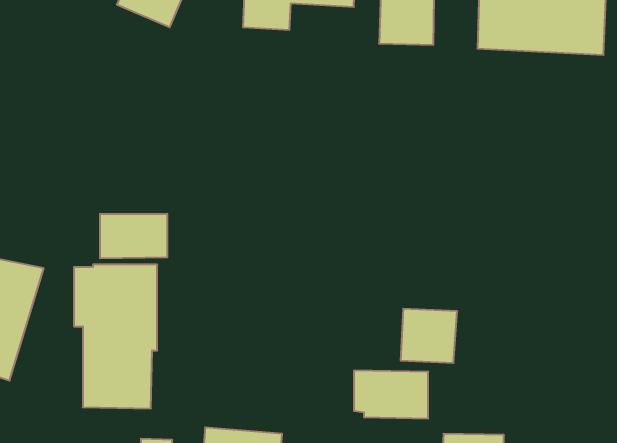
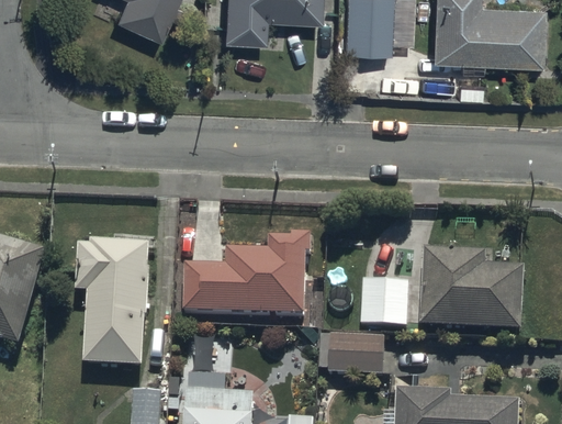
building: [100,214,167,258] -> none
building: none -> [184,233,312,314]
building: none -> [418,247,522,330]

